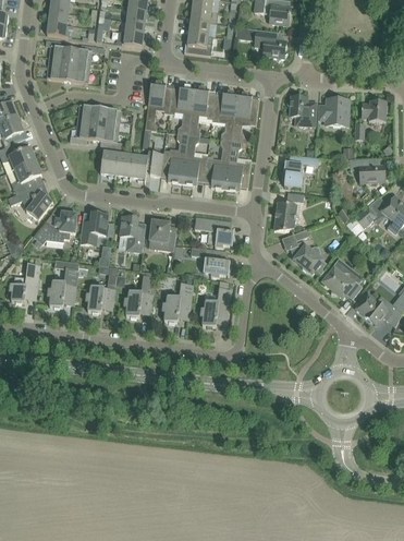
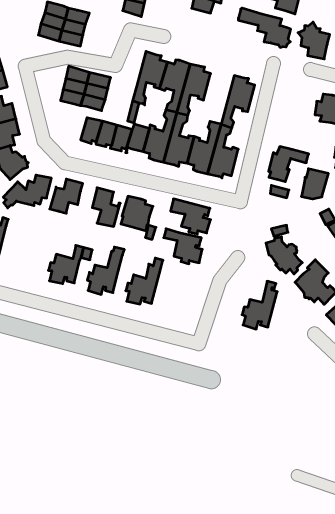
building: [184,33,213,56] -> none
building: [212,89,238,140] -> none
building: [286,92,317,125] -> [298,22,330,59]
building: [274,202,297,230] -> [301,169,328,199]
building: [48,261,79,308] -> none
building: [200,280,231,327] -> [242,281,277,329]

